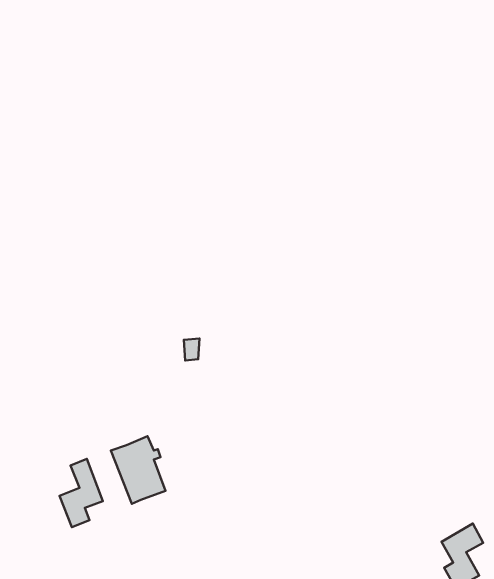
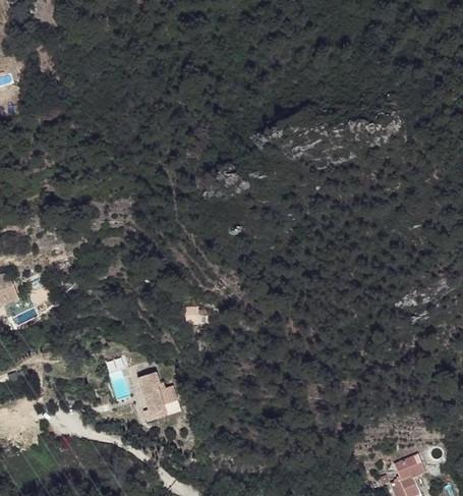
building: [59,459,103,527] -> none

